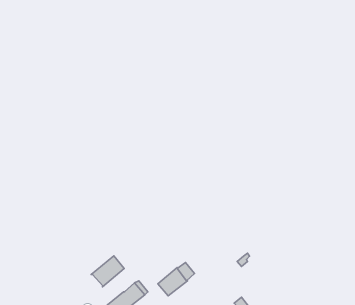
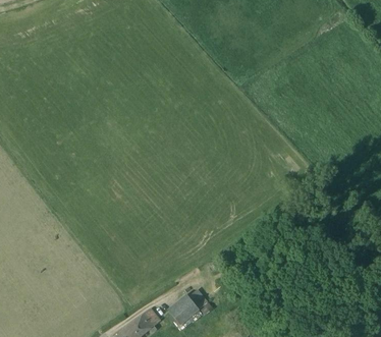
building: [91,256,124,287] -> none

